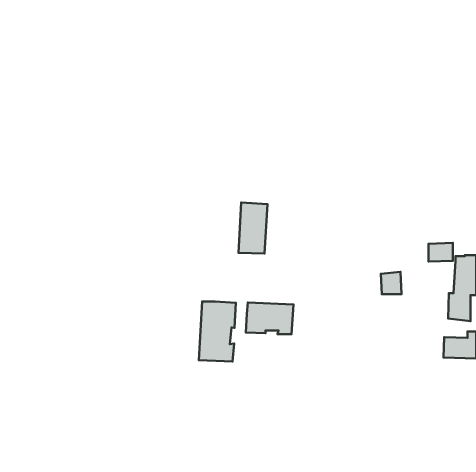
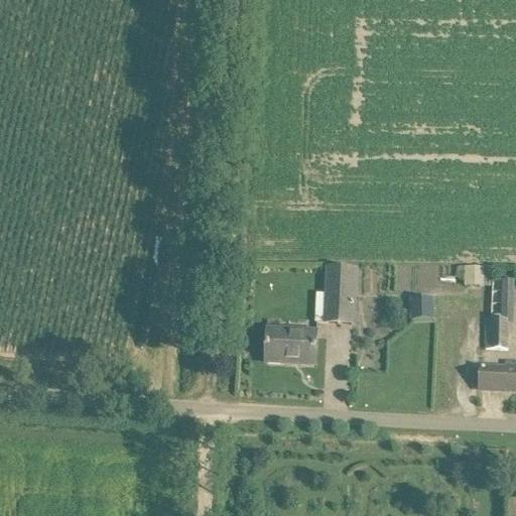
building: [238,202,267,254] -> [326,266,357,321]
building: [199,301,236,361] -> none

